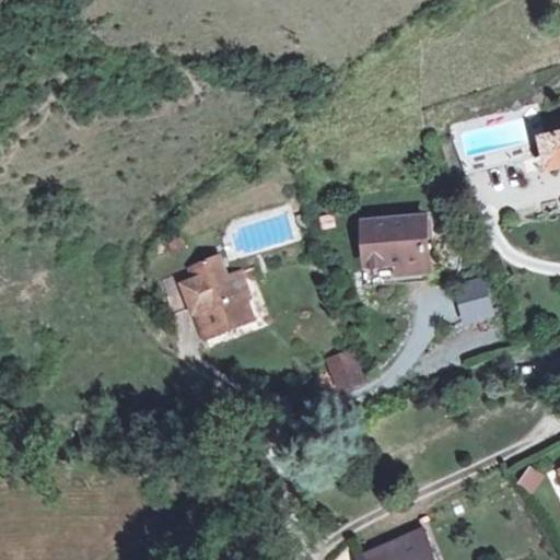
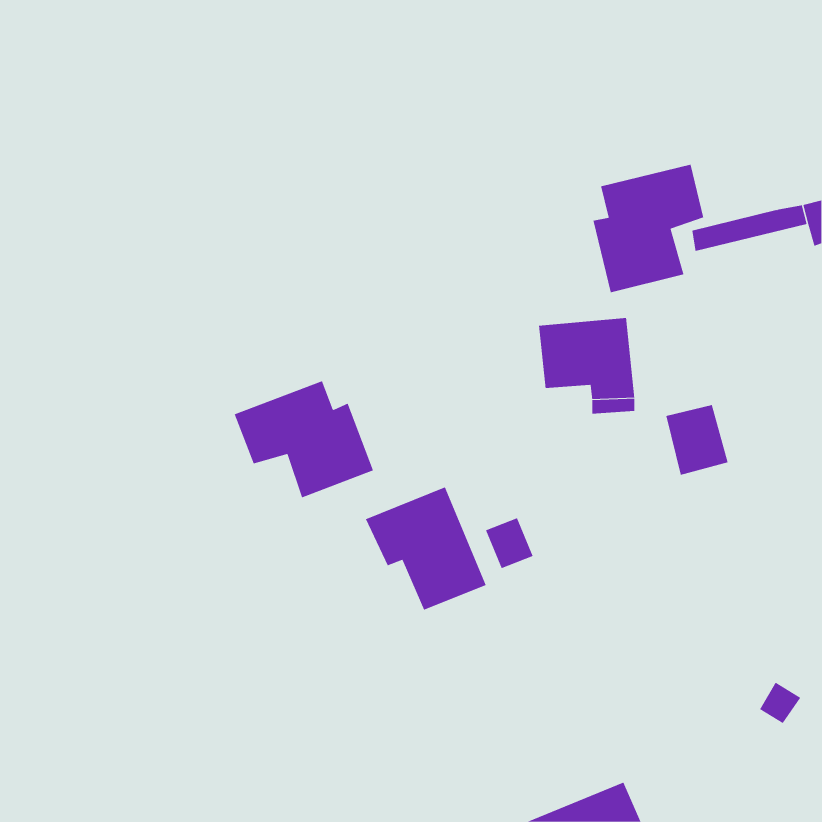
building: none -> [593,164,704,293]
building: none -> [365,486,487,611]

